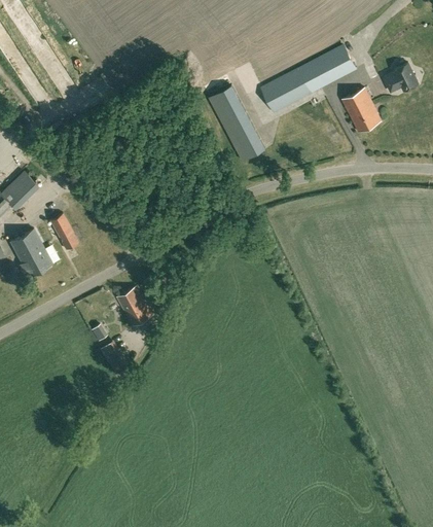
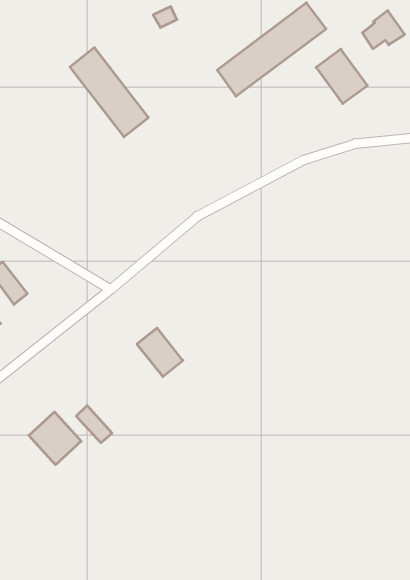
building: [209,84,265,161] -> [70,48,148,137]
building: [117,285,152,325] -> [137,328,183,377]
building: none -> [29,412,81,465]

